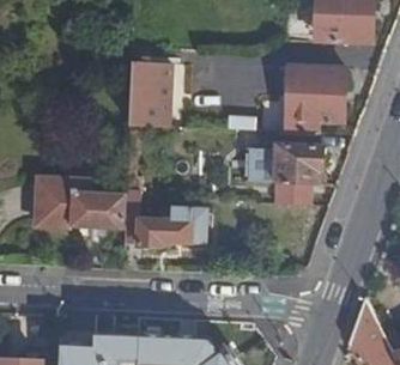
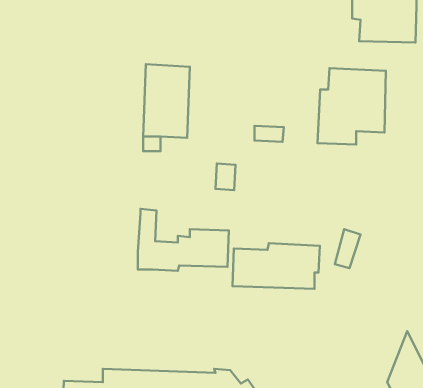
building: [244,142,322,183] -> [233,243,320,289]
building: [36,177,127,229] -> none

